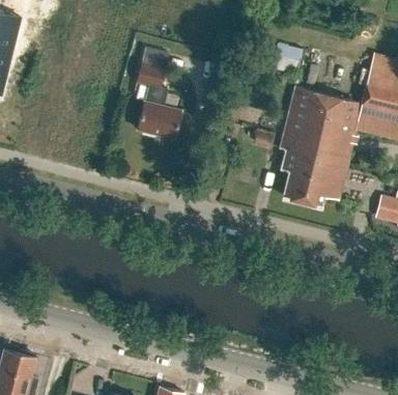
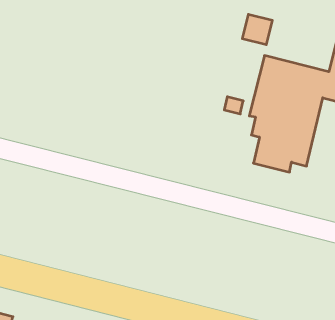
building: [137,48,181,139] -> none

